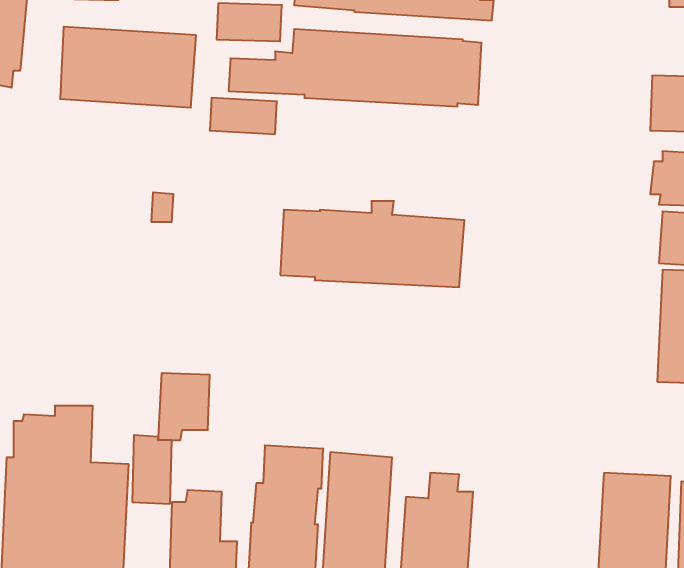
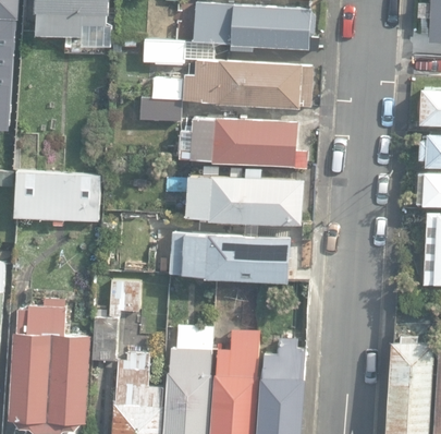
building: [60,27,196,108] -> [14,171,100,222]
building: none -> [177,114,306,166]
building: none -> [169,232,291,282]

